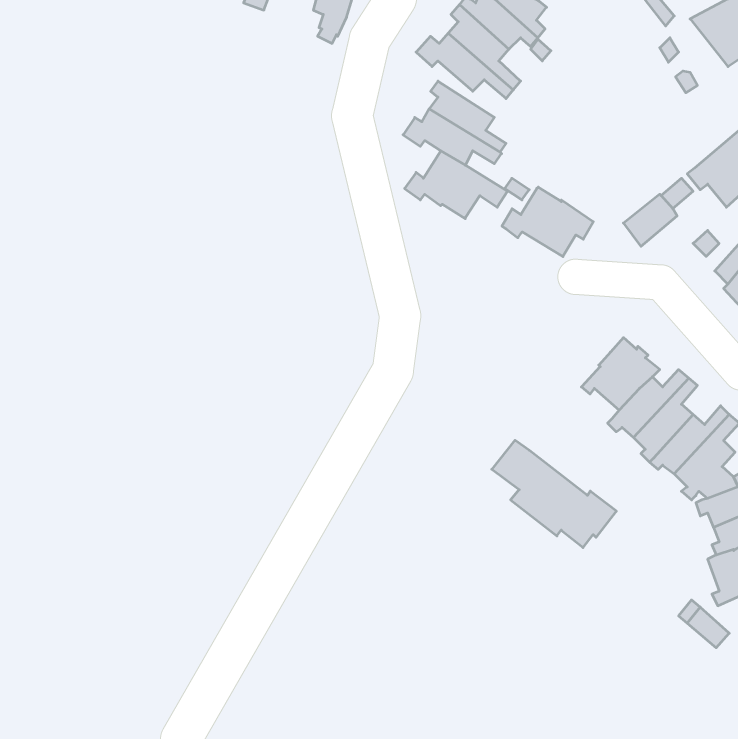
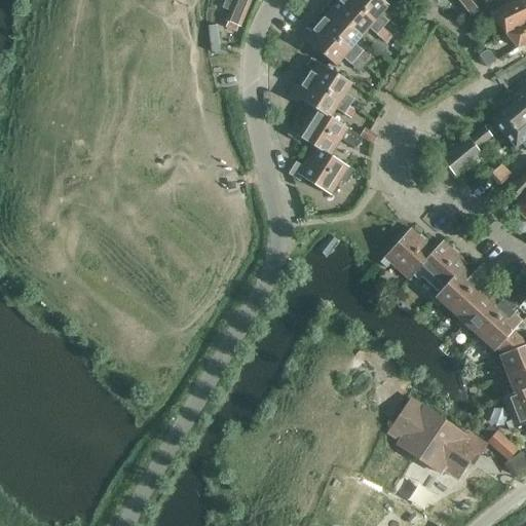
building: [502,187,593,257] -> [290,145,354,194]
building: none -> [381,227,435,279]
building: [492,440,616,548] -> [392,397,481,473]

